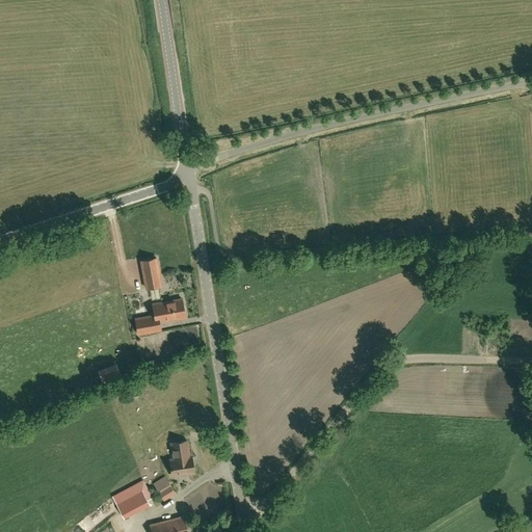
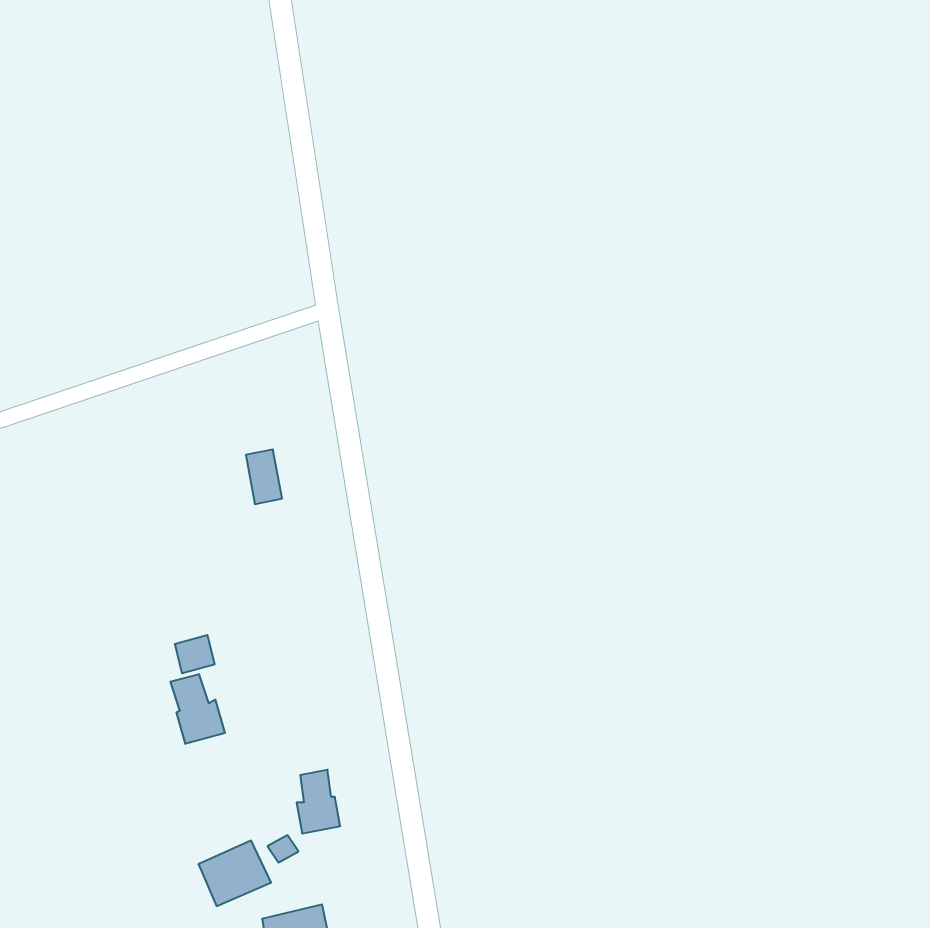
building: [135,299,185,335] -> none
building: none -> [170,674,225,744]

